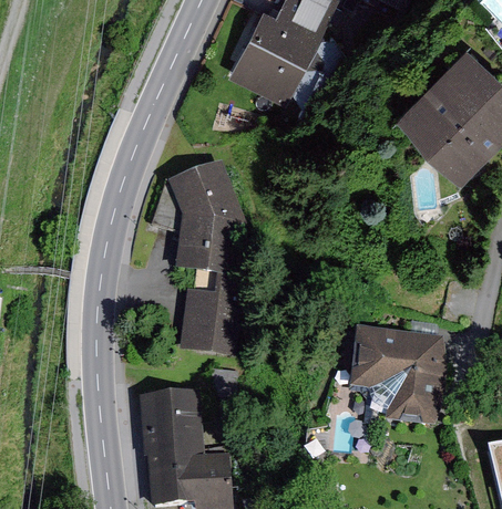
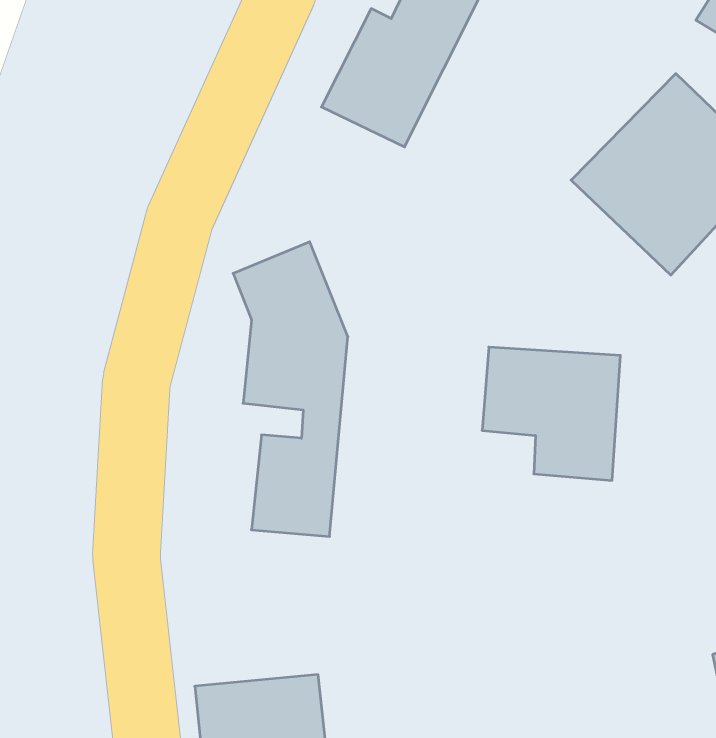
building: [354,333,445,422] -> [482,347,620,480]
building: [139,388,203,457] -> none

